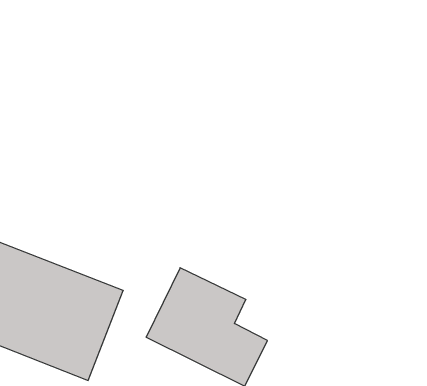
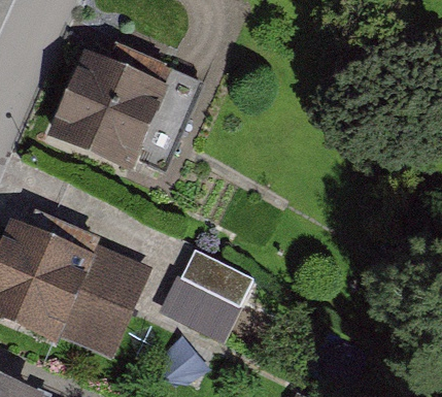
building: none -> [48,49,172,169]

